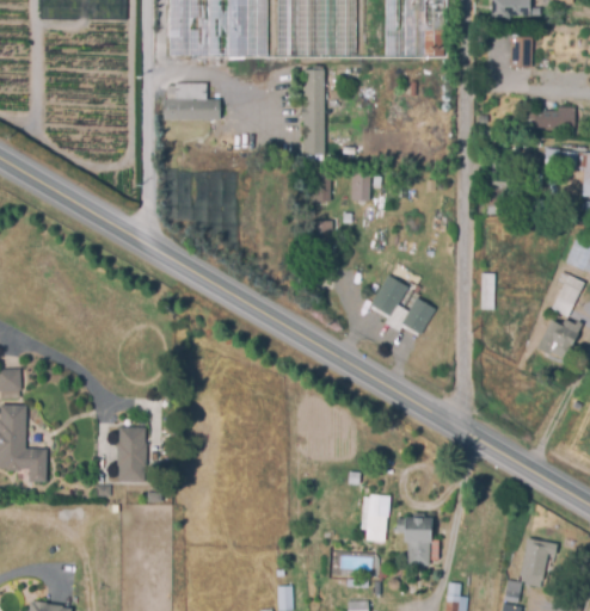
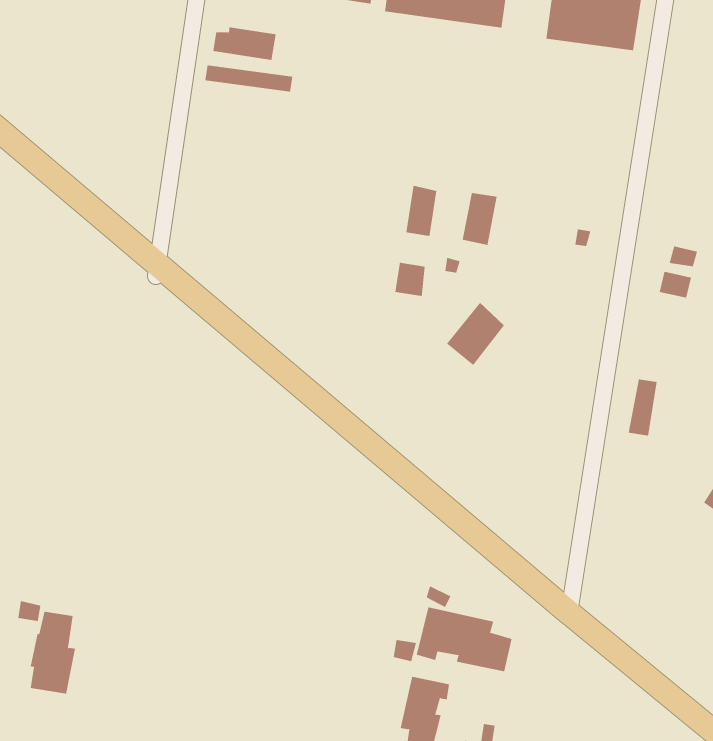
building: [301,69,325,155] -> none
building: [371,274,408,317] -> [446,302,505,366]
building: [404,298,434,332] -> none
building: [116,427,145,480] -> [30,611,76,694]
building: none -> [416,606,512,672]

